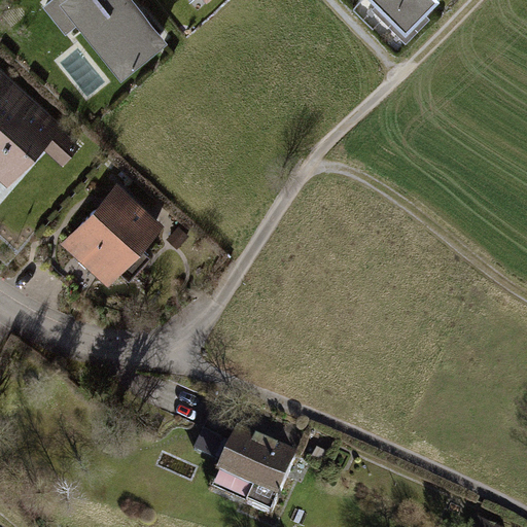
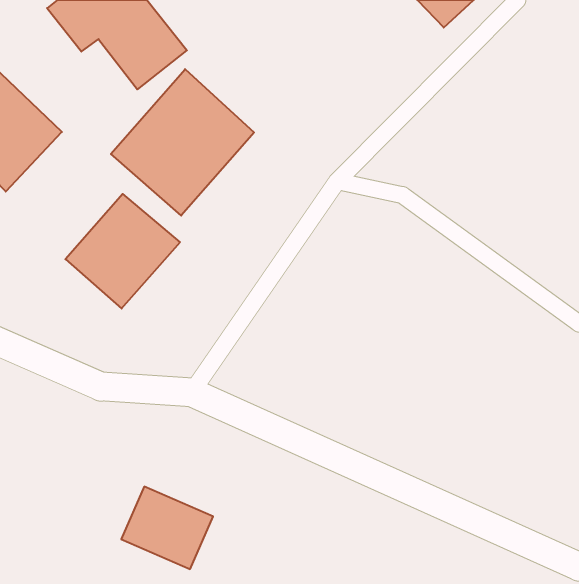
building: none -> [111,69,254,216]
building: [212,432,294,506] -> [121,487,213,569]

